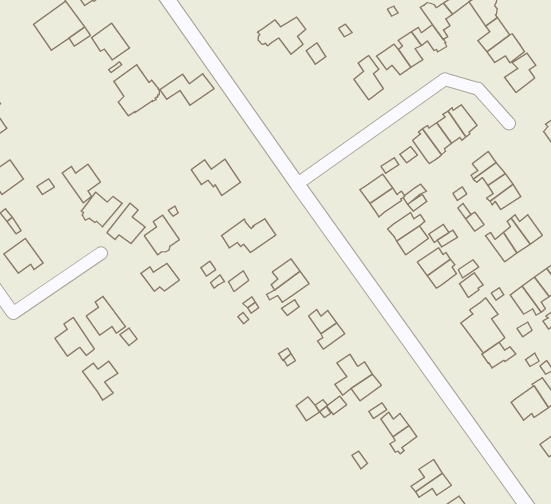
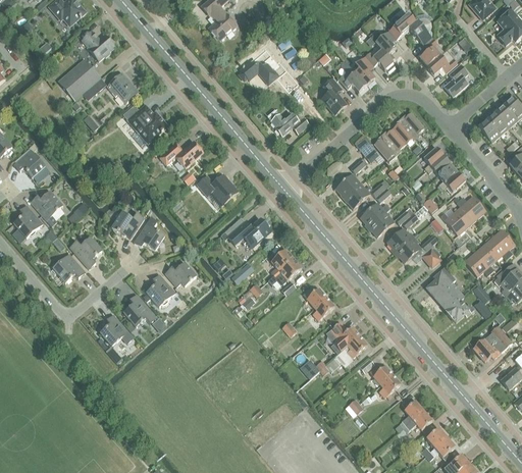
building: [160,74,214,105] -> [159,142,203,168]
building: none -> [270,113,308,137]
building: [62,164,100,203] -> [69,238,101,269]
building: [144,215,179,255] -> [146,274,174,307]
building: [83,361,118,400] -> none

